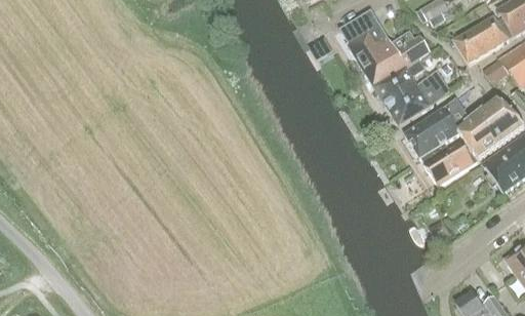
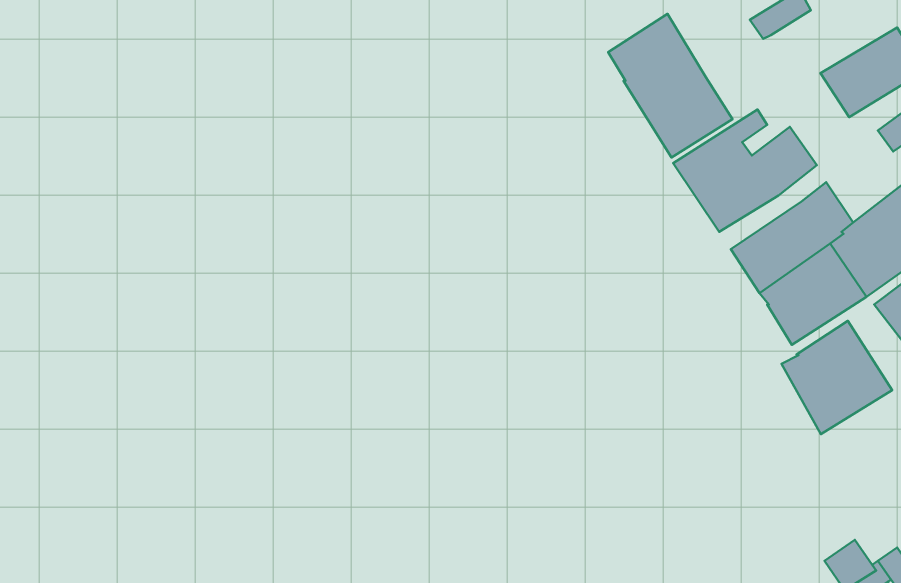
building: [393,31,431,65] -> none
building: none -> [781,321,892,434]

